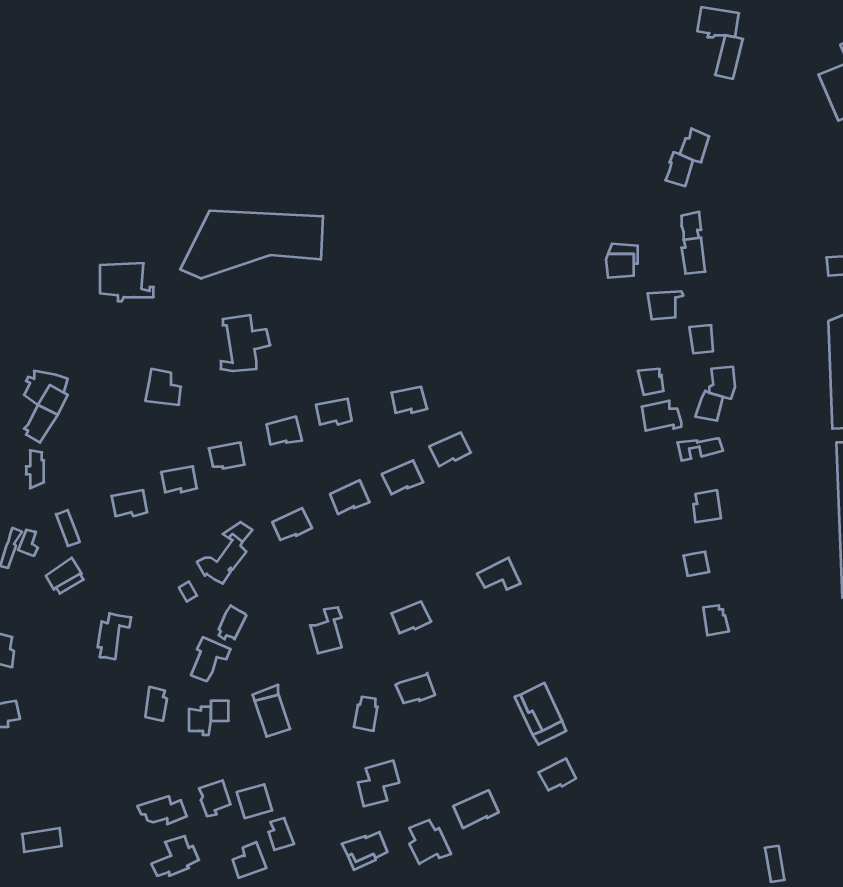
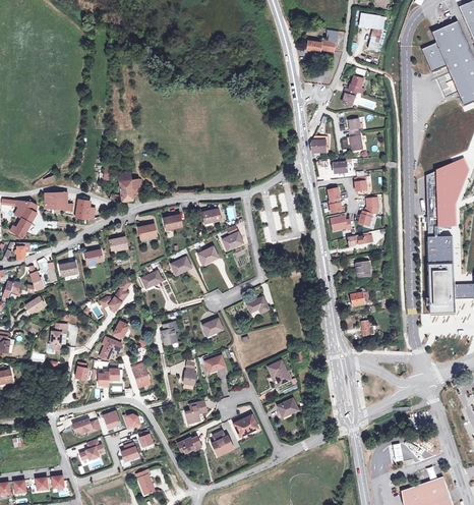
building: none -> [306,29,339,51]
building: [180,211,323,279] -> none
building: [100,263,154,301] -> [45,191,72,211]

